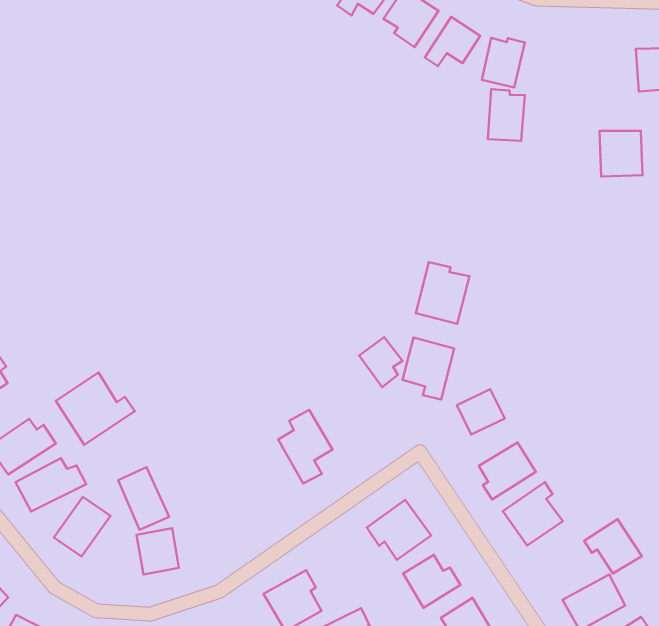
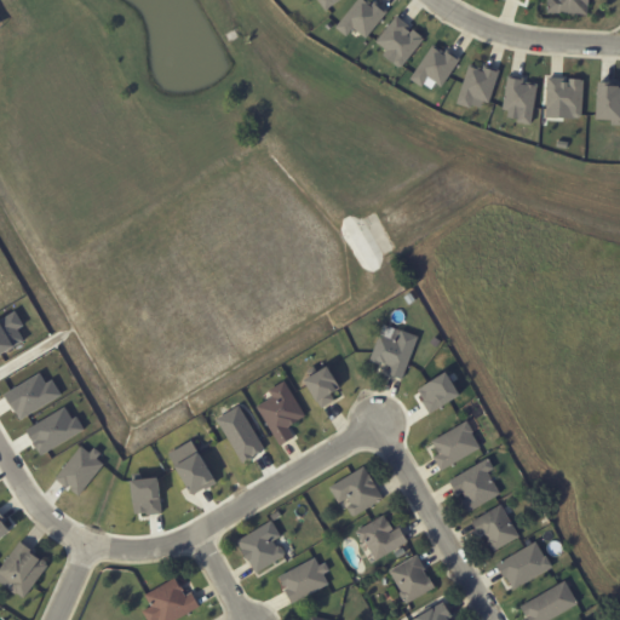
building: [488,89,525,141] -> [503,76,538,124]
building: [600,131,643,176] -> [546,78,584,119]
building: [416,262,470,324] -> none
building: [359,337,403,387] -> [302,366,339,409]
building: [56,373,135,445] -> none
building: none -> [218,406,263,461]
building: [118,467,169,530] -> [170,441,212,495]
building: [584,519,642,573] -> [472,504,522,551]

